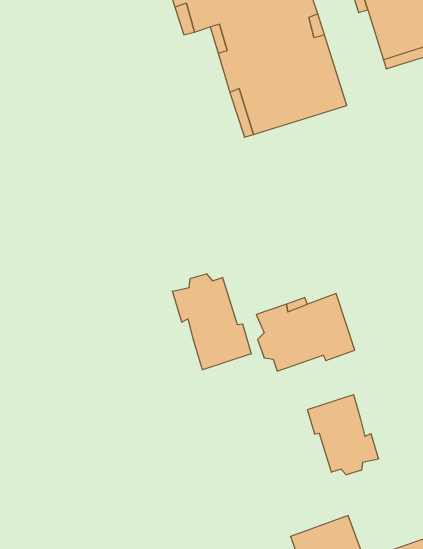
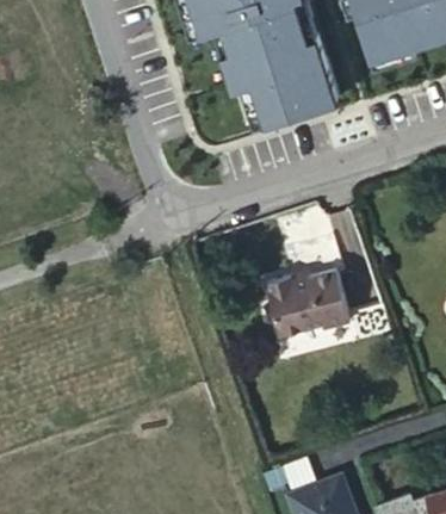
building: [172,274,251,370] -> none
building: [308,395,378,475] -> none

